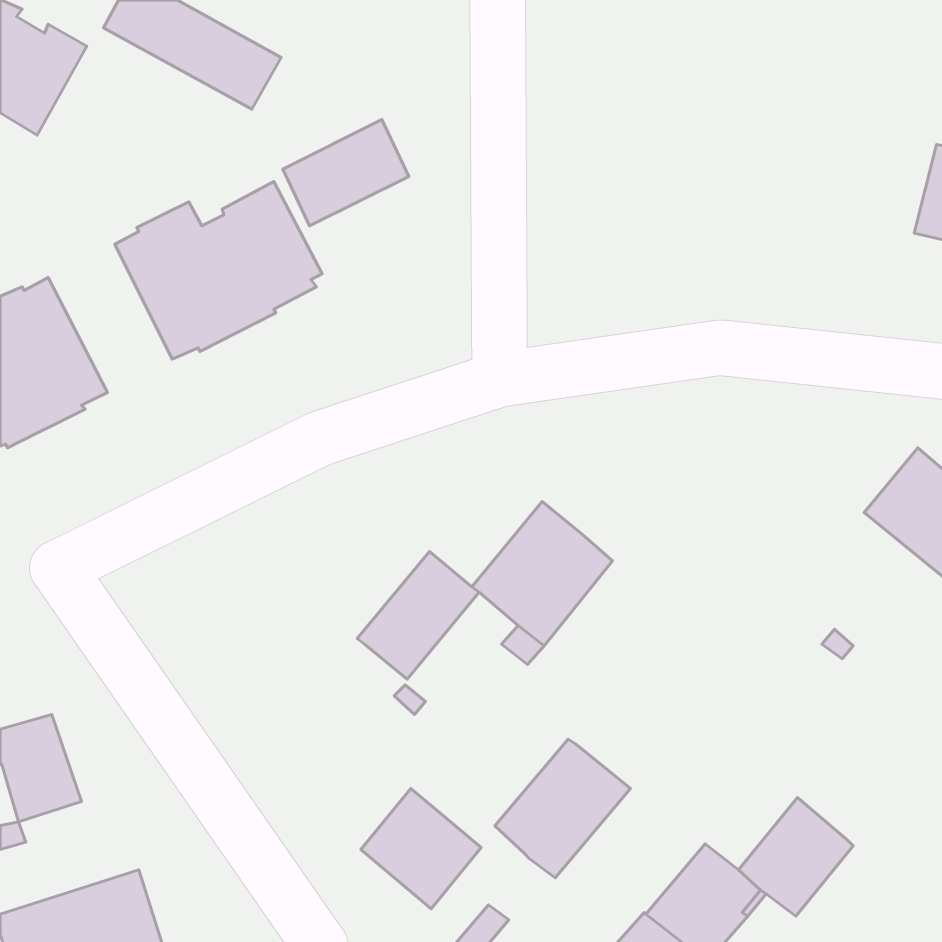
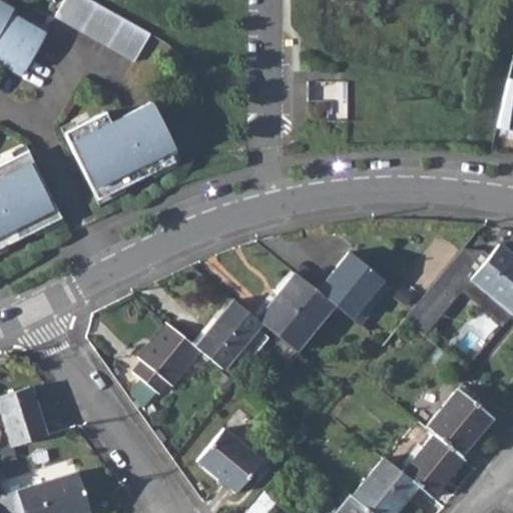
building: [283,120,409,226] -> none
building: none -> [318,252,392,327]
building: none -> [133,325,199,394]
building: none -> [426,390,492,457]
building: [495,739,631,878] -> none

